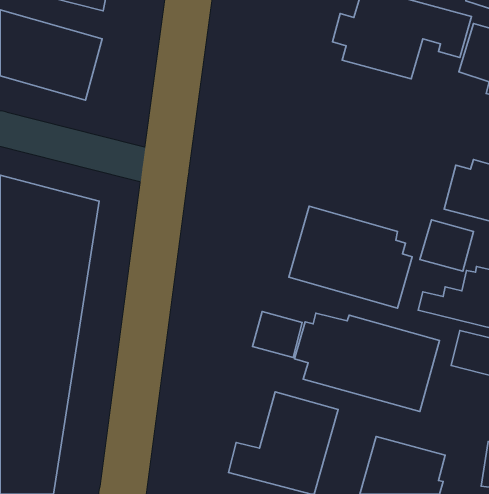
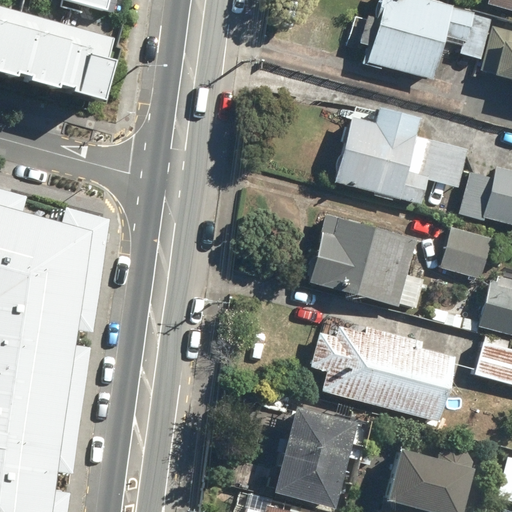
building: none -> [331,100,472,206]
building: [253,312,302,358] -> none

